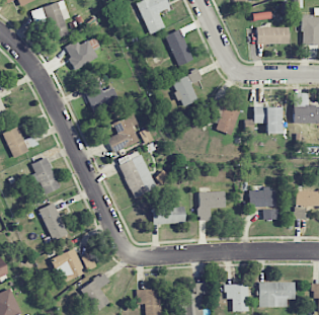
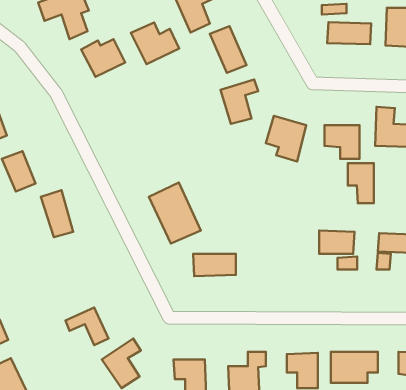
building: [83,81,121,113] -> [131,22,179,64]
building: [108,114,140,152] -> none
building: none -> [348,163,374,203]
building: [200,191,227,221] -> none
building: [39,198,70,240] -> none

